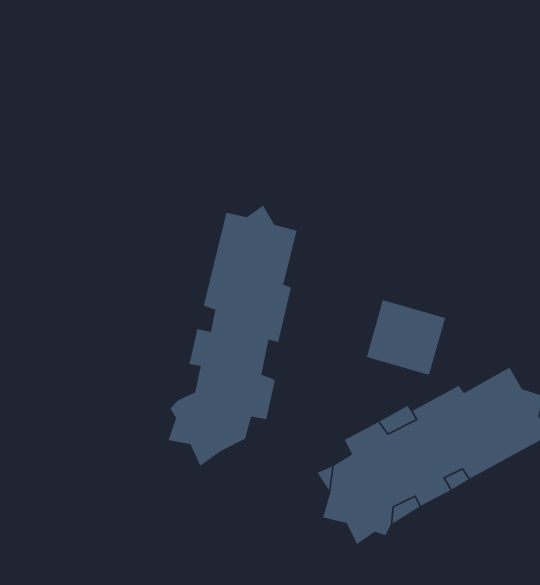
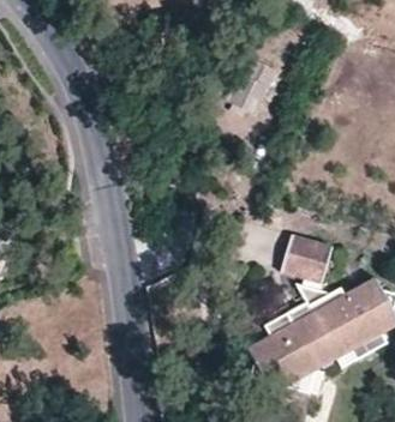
building: [167,205,298,467] -> none

